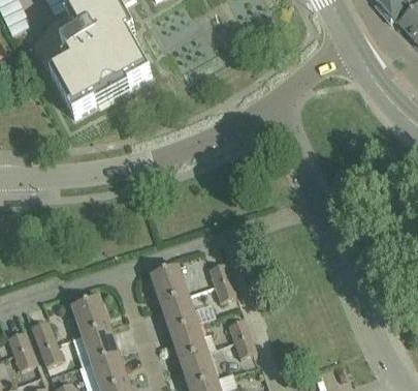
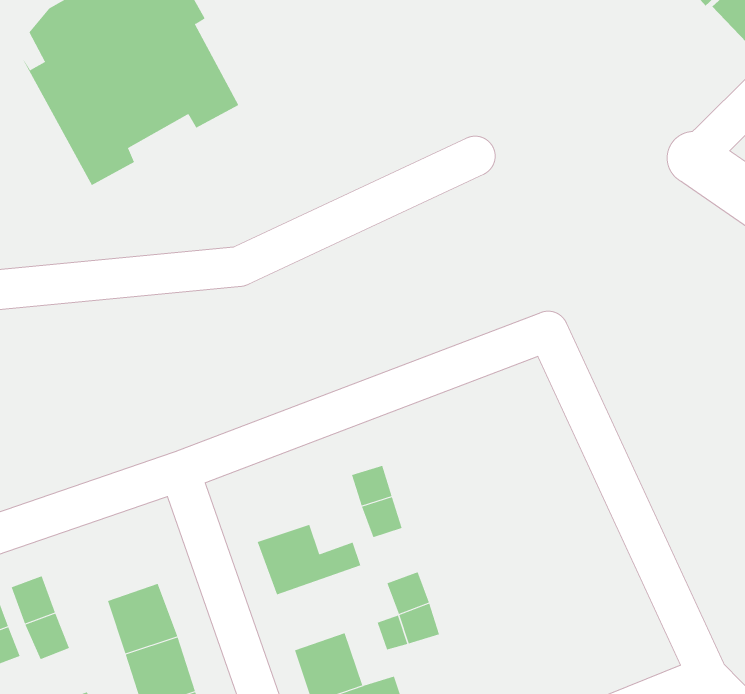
building: [151,266,188,303] -> none
building: [72,297,108,334] -> none
building: [170,322,206,360] -> none

